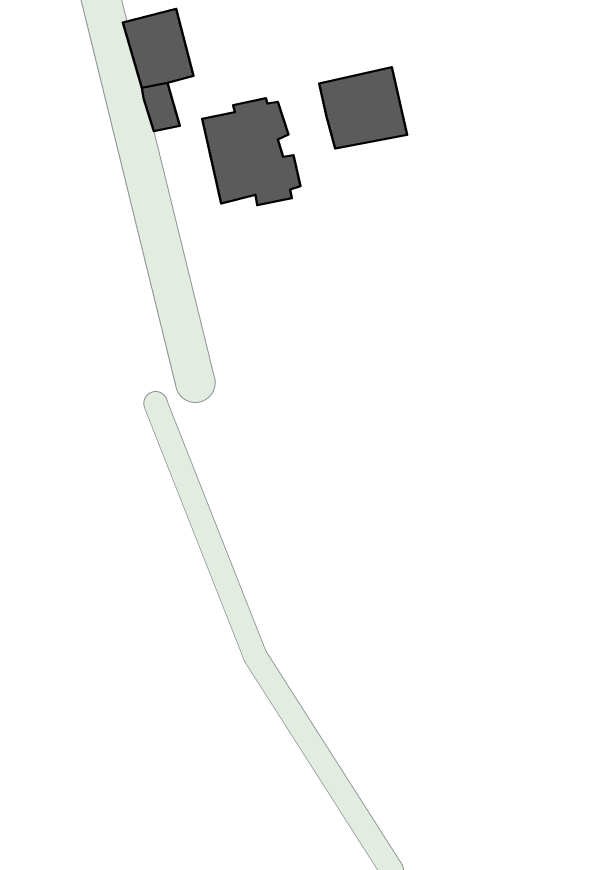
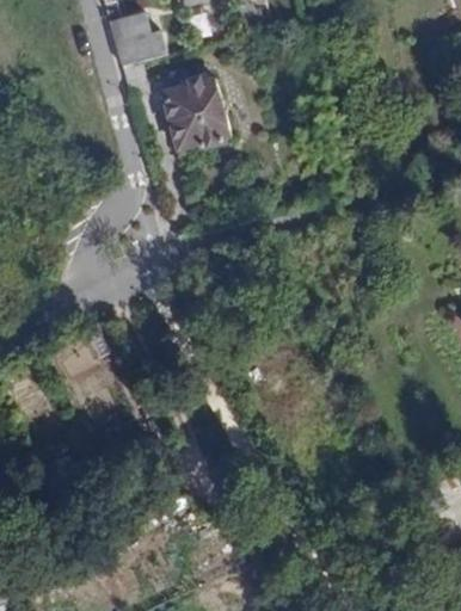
building: [319,67,407,149] -> none

